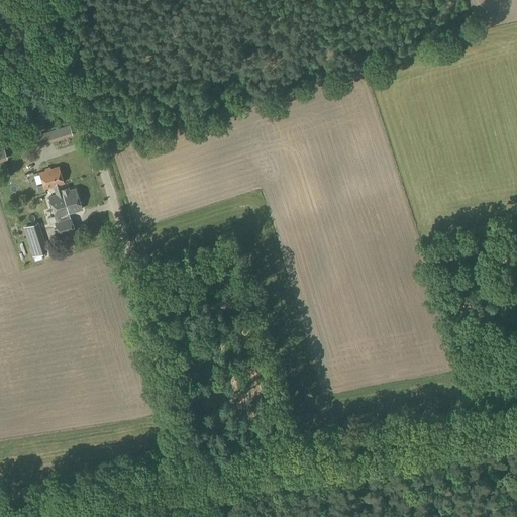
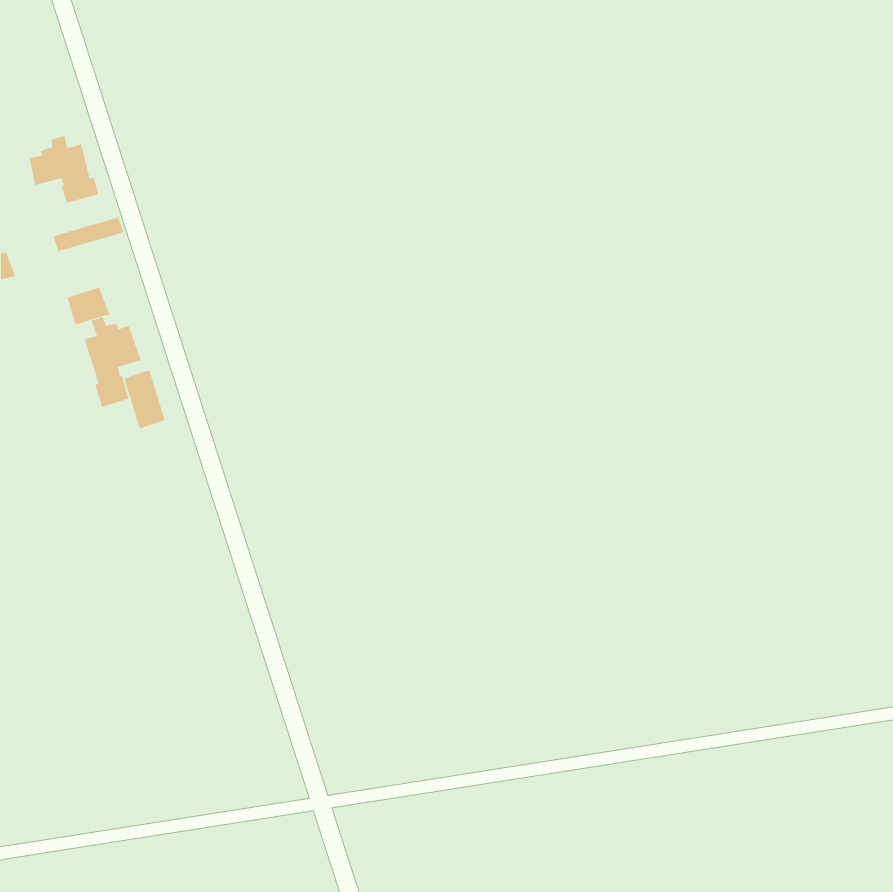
building: none -> [29,135,99,204]
building: [23,222,47,256] -> [123,370,165,429]

